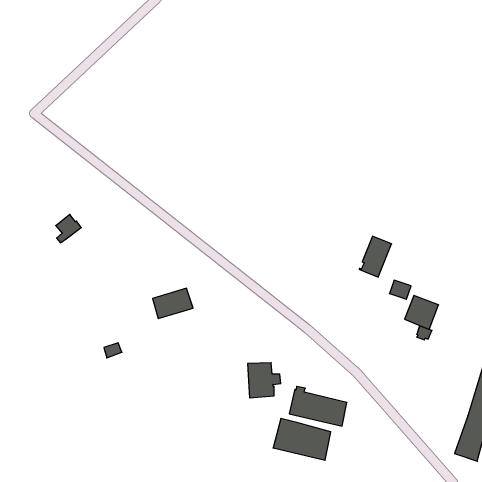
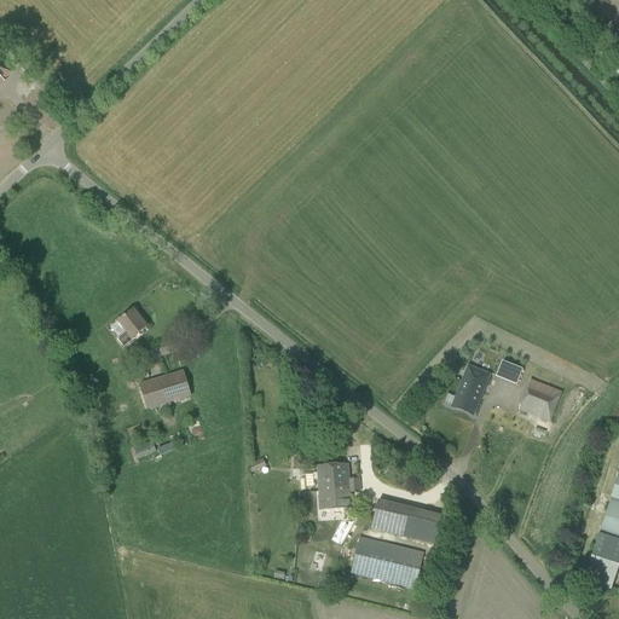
building: [56,214,81,243] -> [118,306,151,342]
building: [359,236,392,277] -> [451,363,492,415]
building: [153,288,193,319] -> [140,369,192,407]

